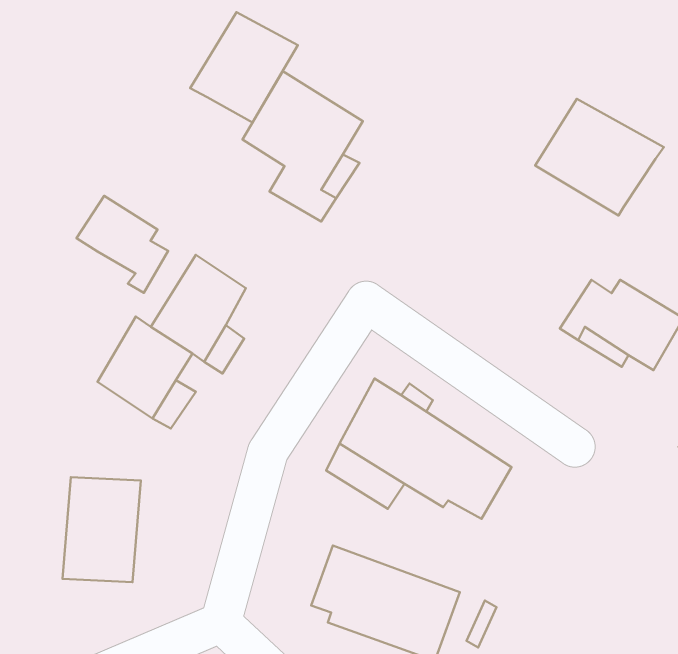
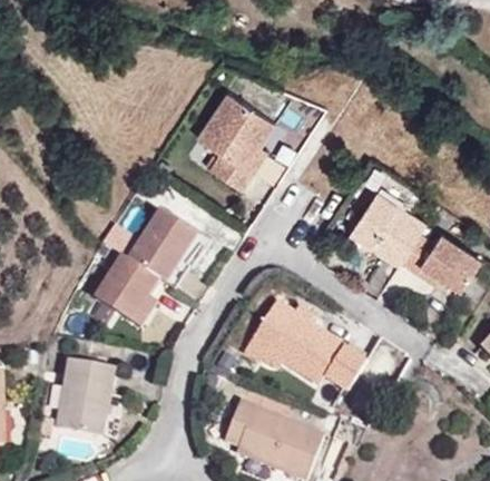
building: [190,12,298,123] -> none
building: [535,99,664,216] -> [339,188,424,266]
building: [77,196,168,293] -> none

